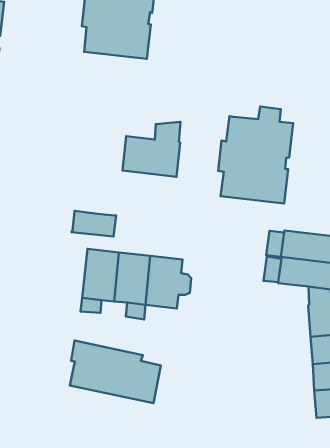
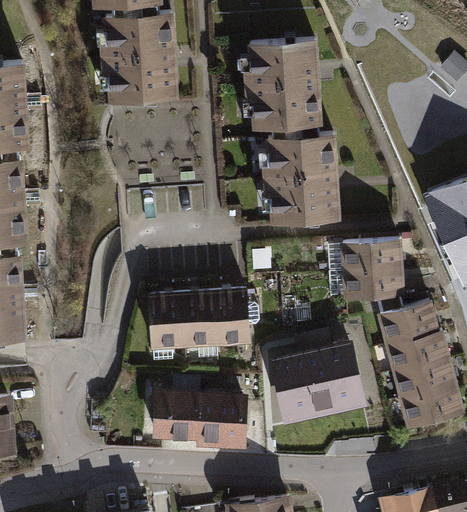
building: none -> [247,40,321,138]
building: [122,122,181,177] -> none
building: [72,211,116,237] -> none
building: none -> [267,337,363,423]

